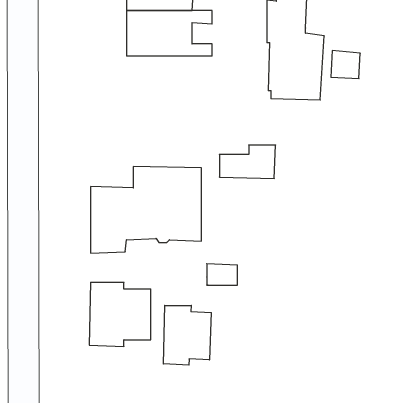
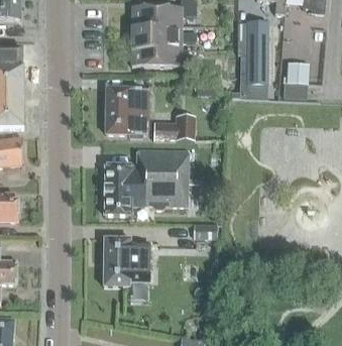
building: none -> [106,87,148,133]
building: [219,145,276,178] -> [153,115,196,140]
building: [163,305,211,365] -> none

